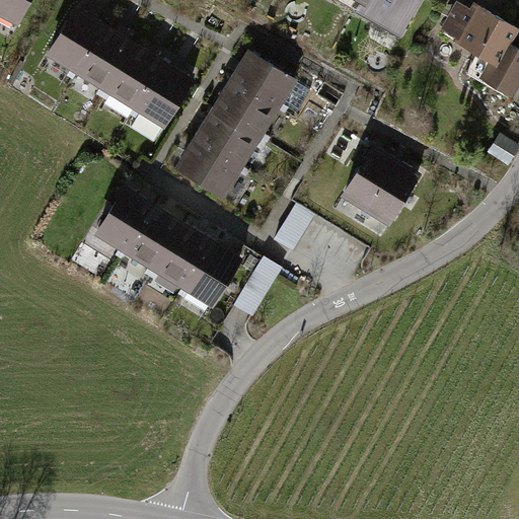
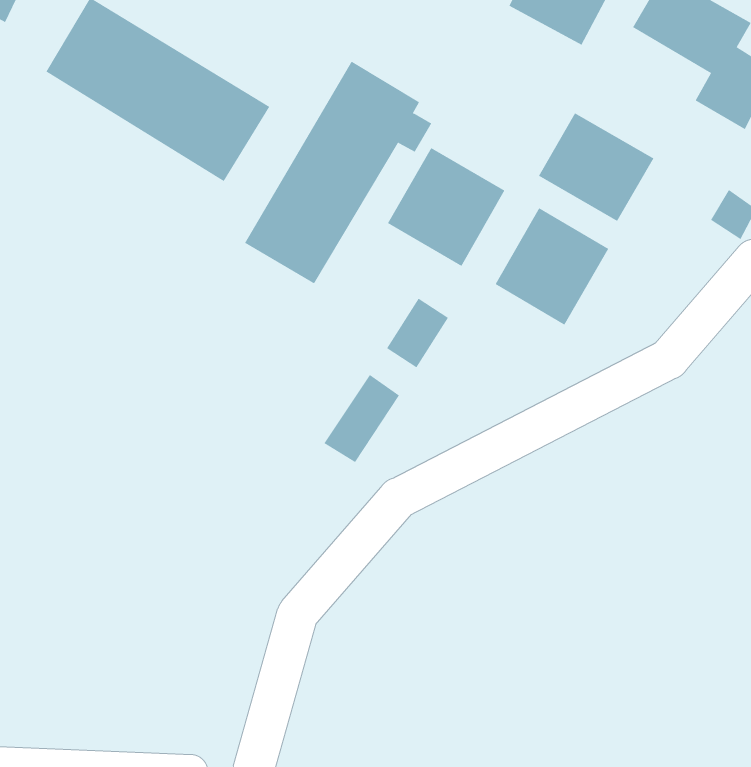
building: none -> [538,113,654,222]
building: none -> [387,147,505,267]
building: [93,187,244,308] -> none

